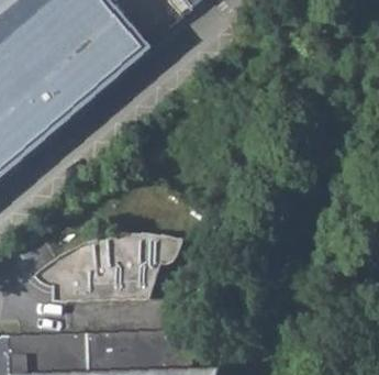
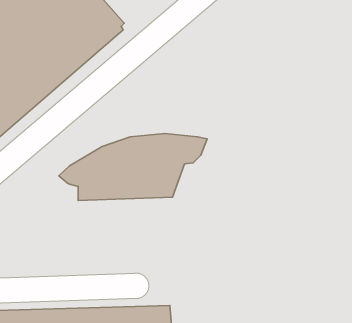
building: [34,234,185,302] -> [59,134,207,201]

